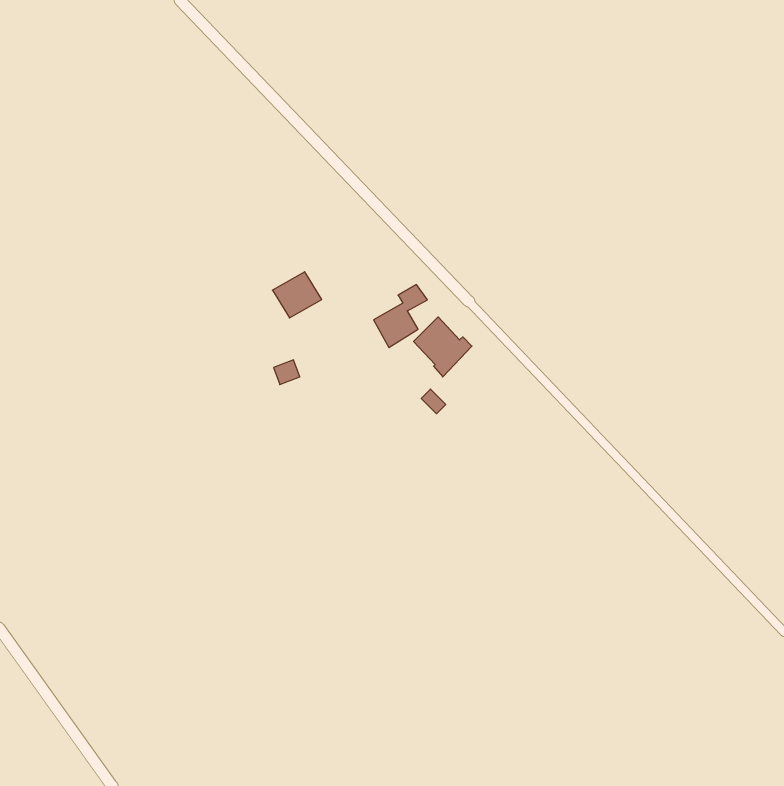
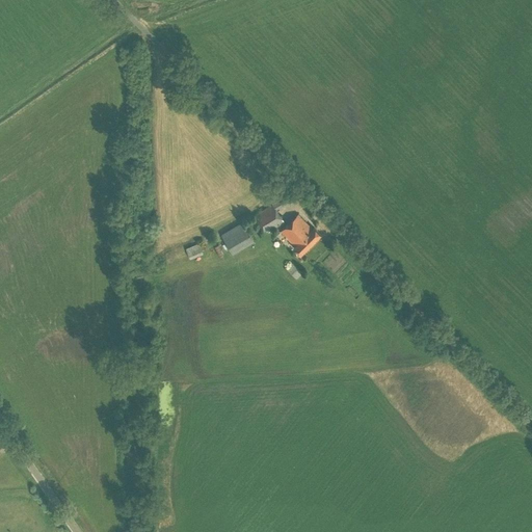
building: [272,272,322,318] -> [220,222,254,254]

